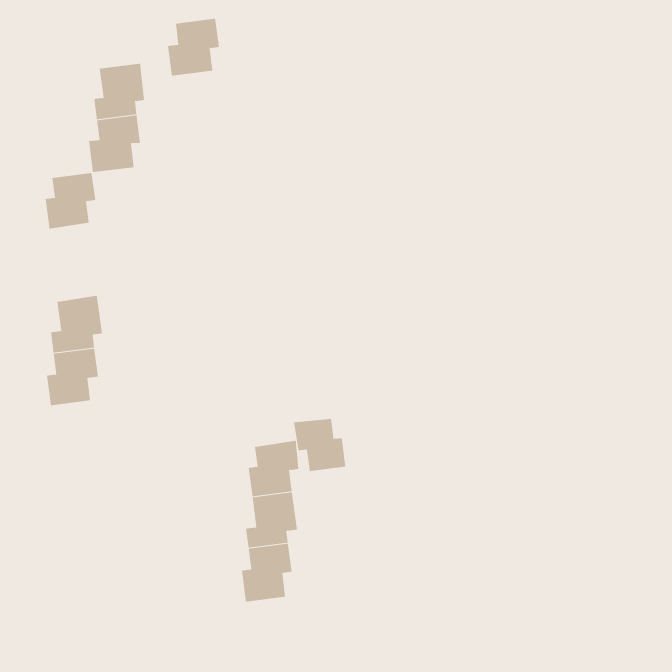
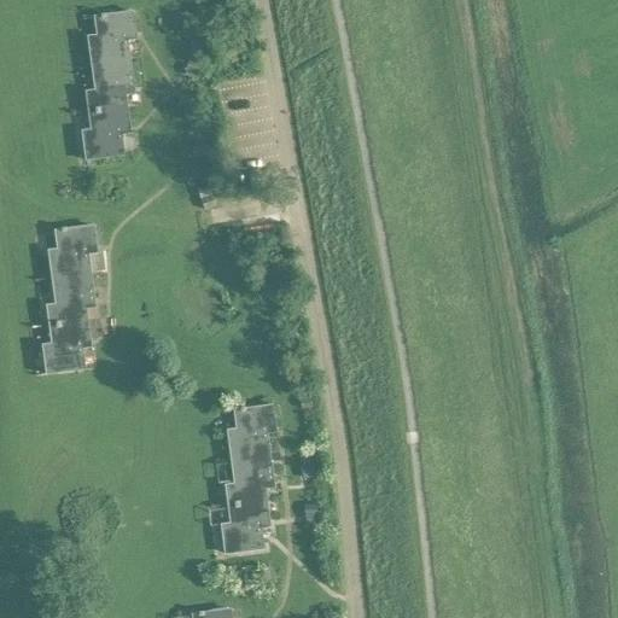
building: [167,18,220,76] -> [87,10,135,63]
building: [45,173,96,229] -> [48,225,95,276]
building: [293,418,346,472] -> none

